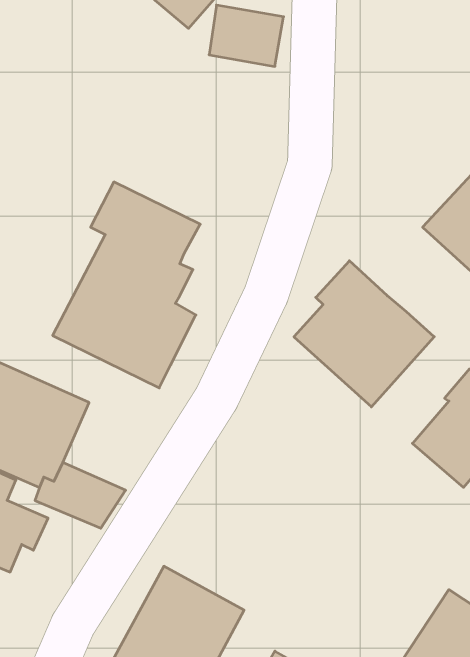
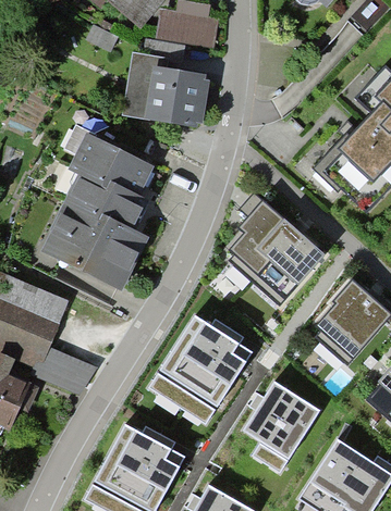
building: none -> [124,52,207,122]
building: none -> [148,314,254,424]
building: none -> [243,381,320,471]

